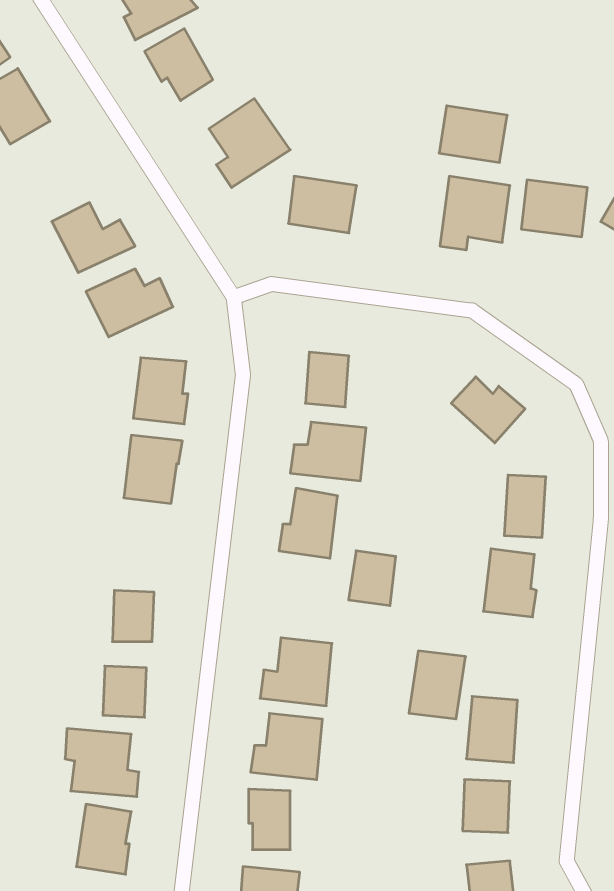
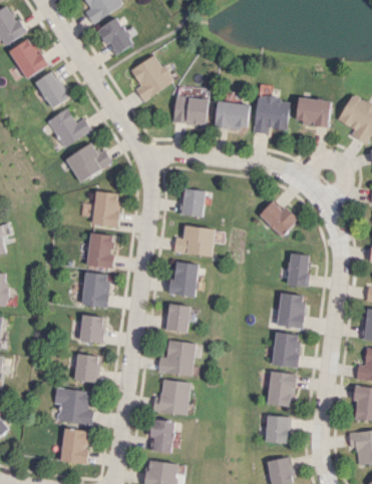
building: [439,106,507,162] -> [214,100,250,130]
building: none -> [34,72,66,109]
building: none -> [80,272,108,308]
building: [349,551,396,606] -> [165,304,191,333]
building: [409,651,466,719] -> [271,332,301,368]

